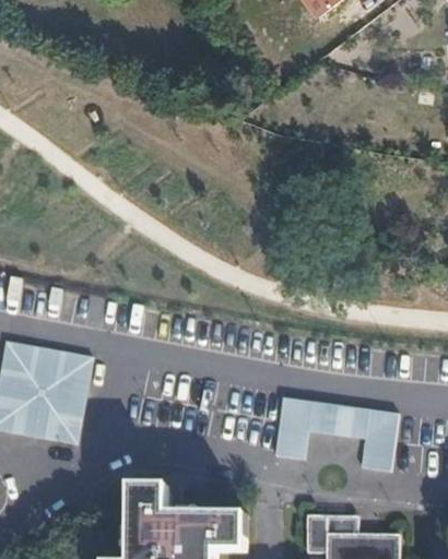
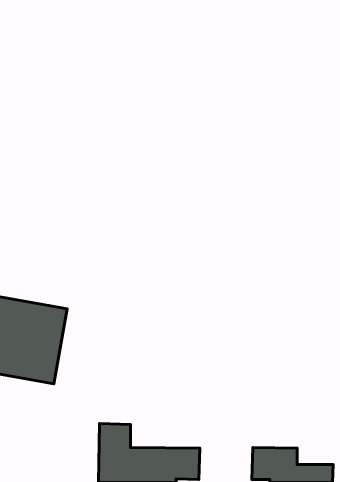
building: [274,397,399,474] -> none

